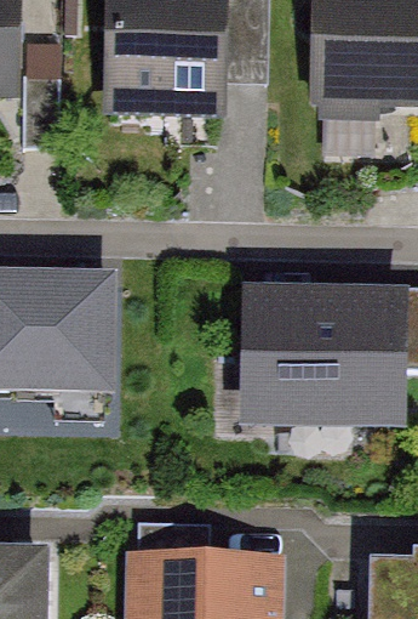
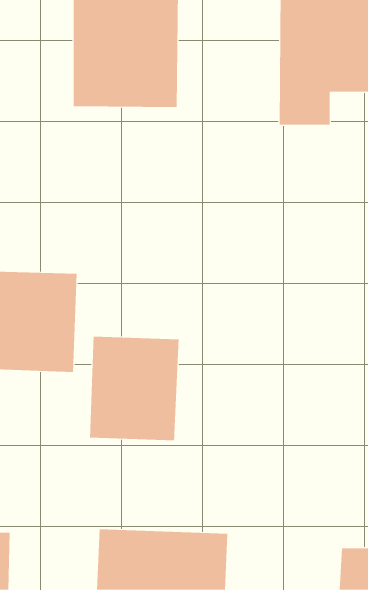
building: [240,300,389,413] -> none
building: none -> [90,336,179,441]

